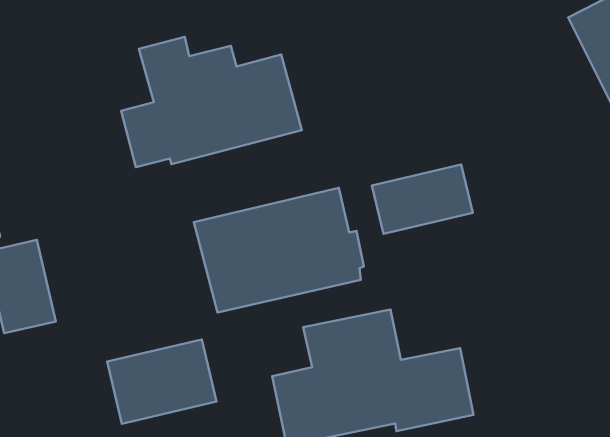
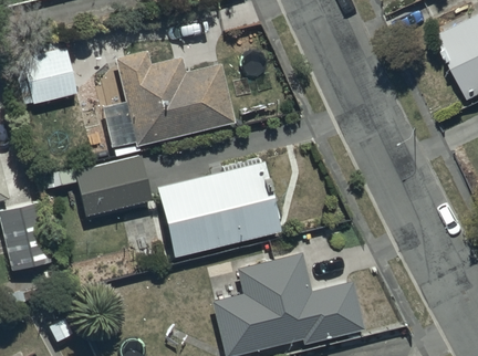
building: none -> [20,48,81,105]
building: [372,165,473,234] -> none
building: [107,339,217,424] -> [72,154,154,217]

